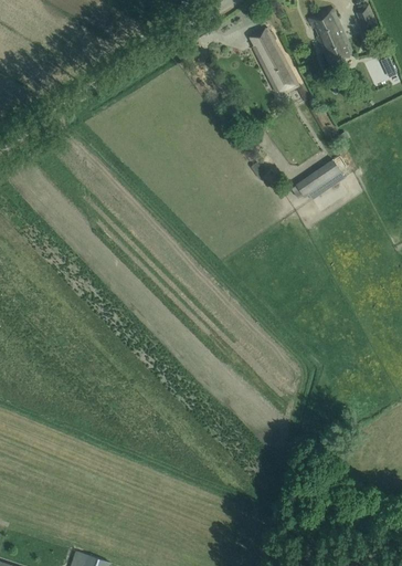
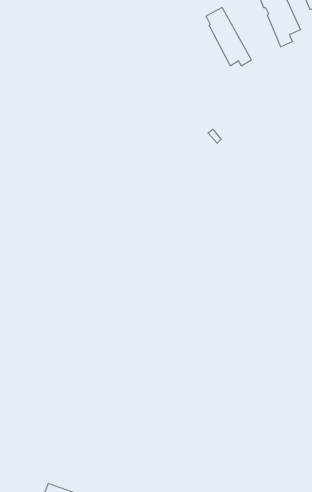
building: [296,159,345,198] -> none

